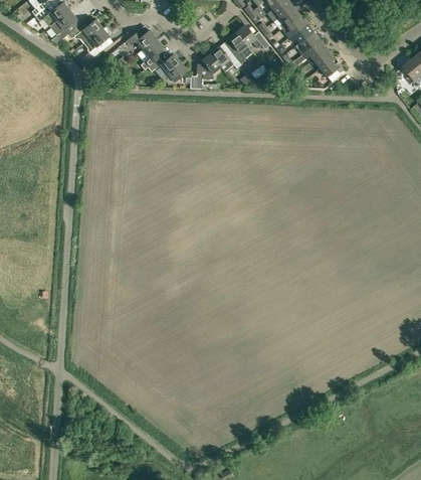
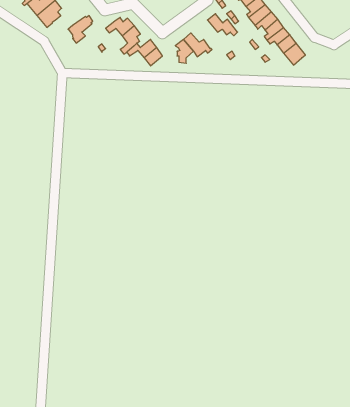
building: [66,18,102,42] -> none
building: [228,31,253,62] -> none

